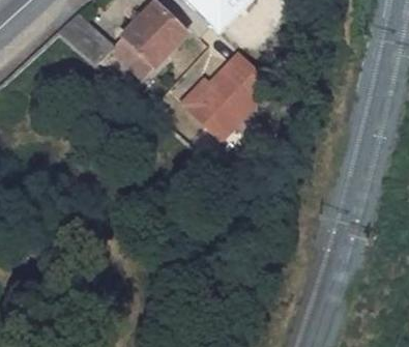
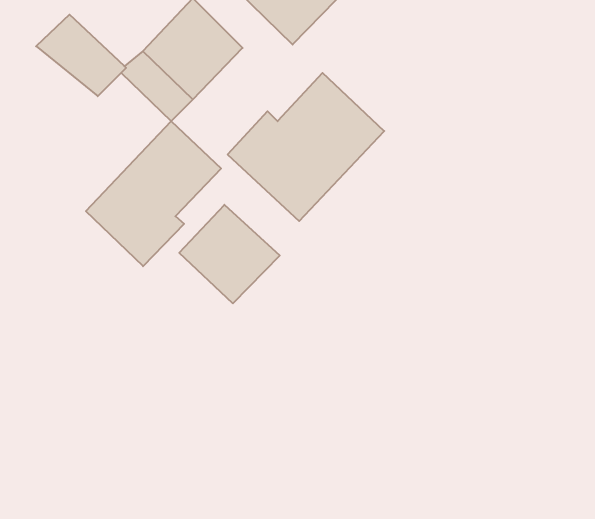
building: none -> [86,121,221,266]
building: none -> [179,205,280,303]

